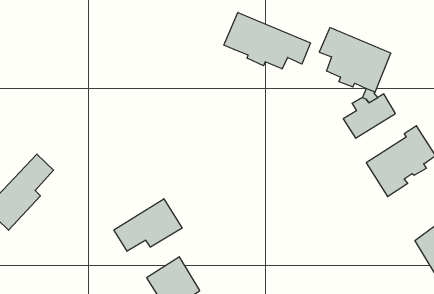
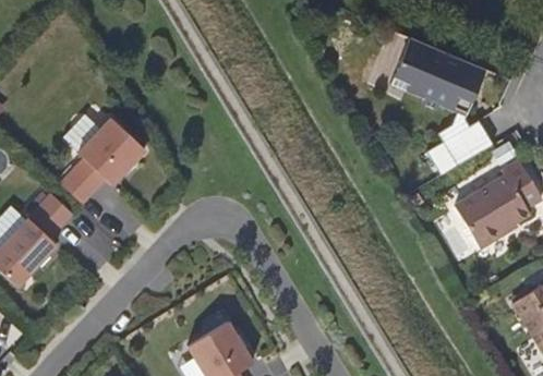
building: [224,12,310,69] -> none
building: none -> [60,118,145,204]
building: [114,199,182,251] -> none

